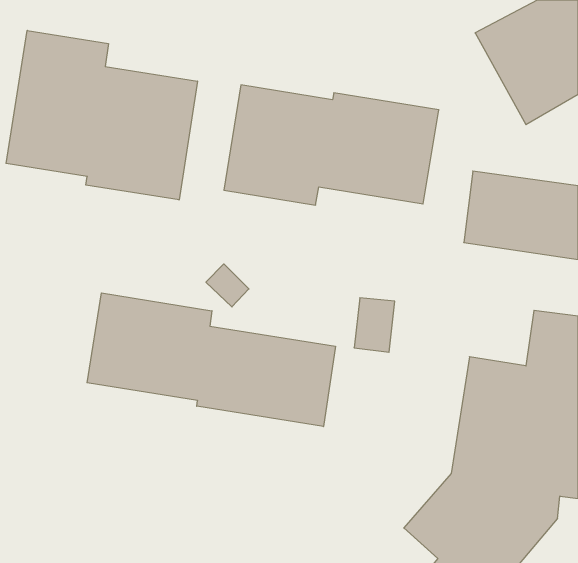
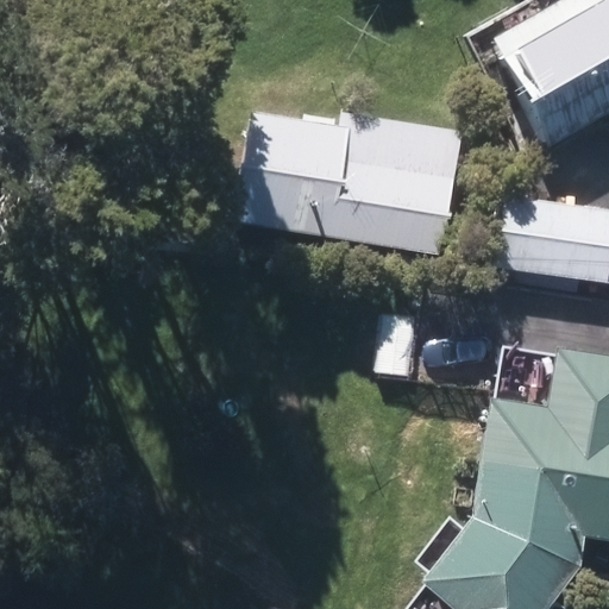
building: [6,30,197,200] -> none
building: [87,293,335,427] -> none

